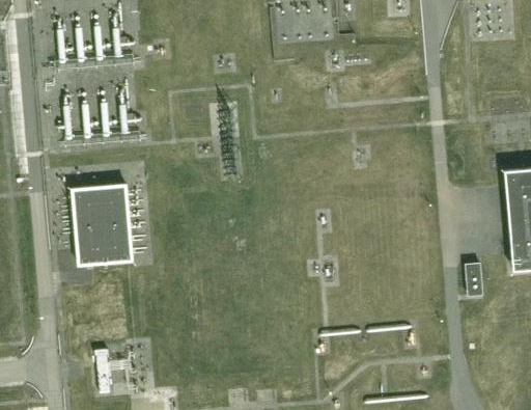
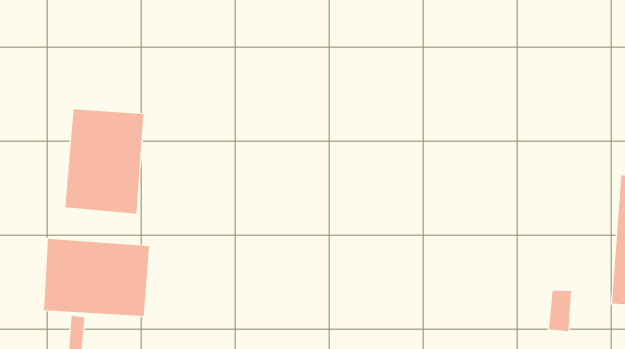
building: none -> [44,238,149,317]

